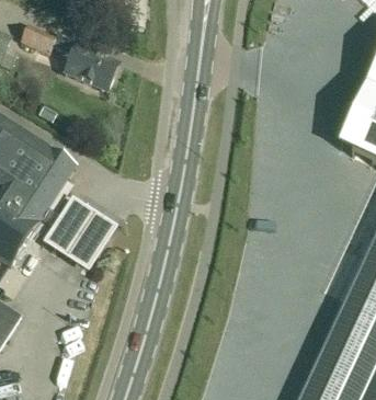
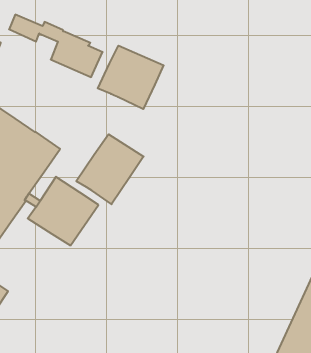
building: none -> [98,46,164,109]
building: none -> [76,134,144,204]

